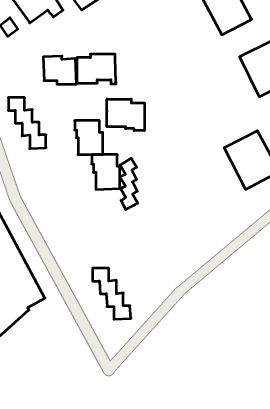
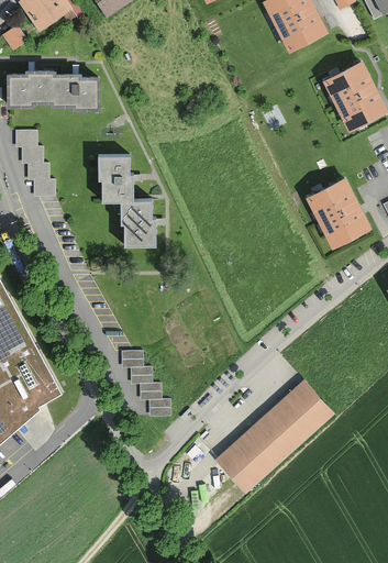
building: [77,54,116,84] -> [8,70,58,109]
building: [107,99,144,131] -> none
building: [120,158,138,210] -> none
building: none -> [215,379,334,493]

